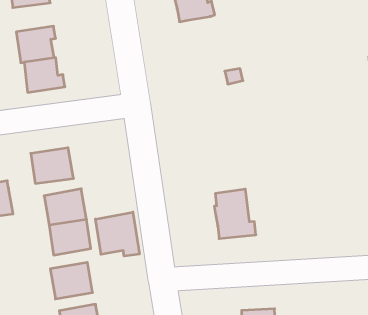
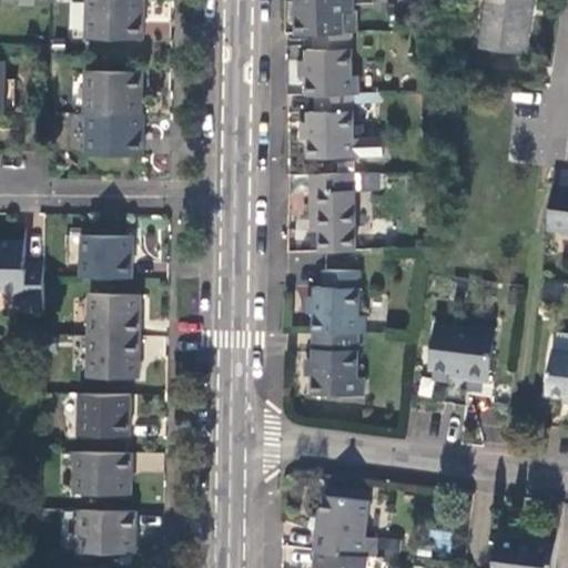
building: none -> [307,95,358,158]
building: none -> [310,173,354,253]
building: none -> [312,270,363,334]
building: none -> [427,325,494,382]
building: [95,212,139,256] -> none

